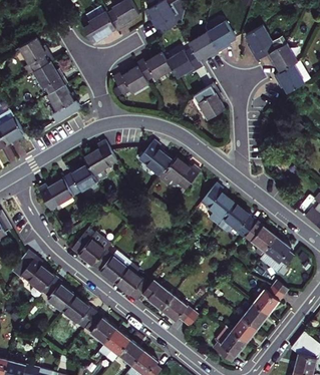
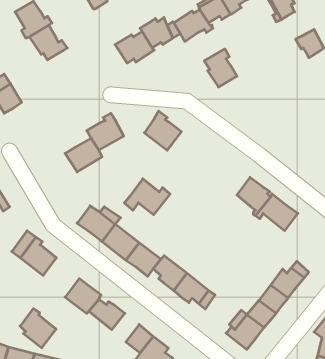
building: [268,44,297,72] -> none
building: [44,85,79,118] -> none
building: [156,156,199,190] -> [124,179,170,215]
building: [38,180,74,213] -> none
building: [200,182,234,226] -> none
building: [266,236,295,267] -> none
building: [43,277,76,313] -> [20,309,56,348]
building: [101,328,131,359] -> none

